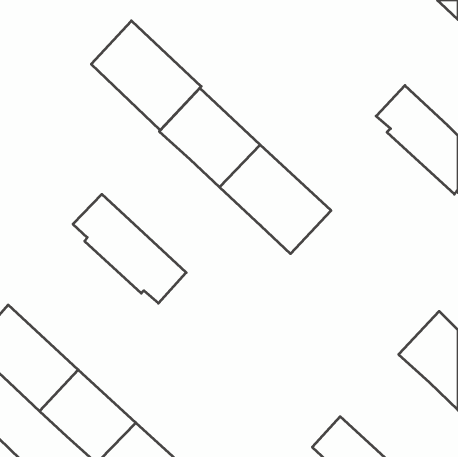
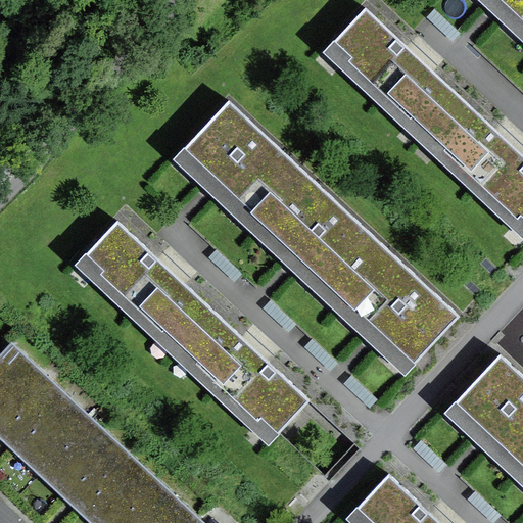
building: none -> [331,11,460,135]
building: [91,21,201,130] -> none
building: none -> [330,242,458,367]
building: none -> [180,313,307,436]

